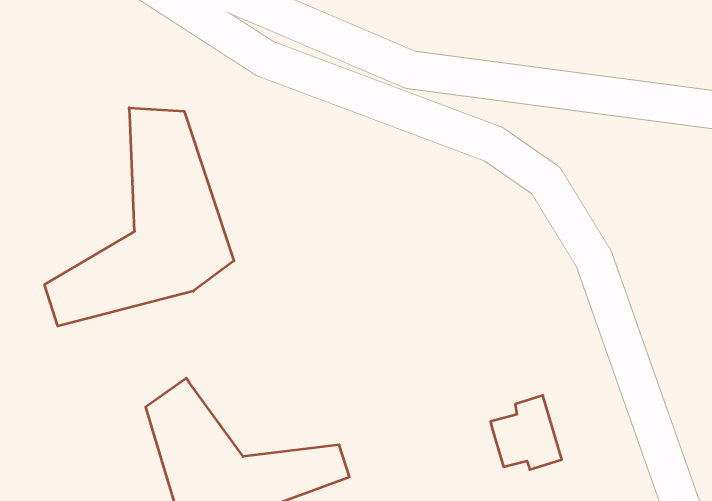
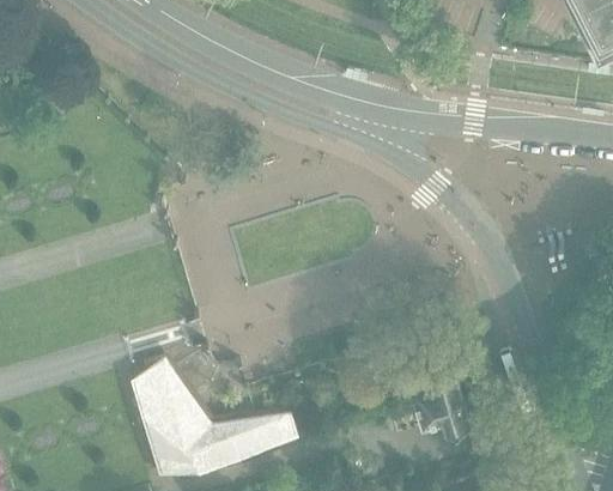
building: [45,108,234,326] -> none

